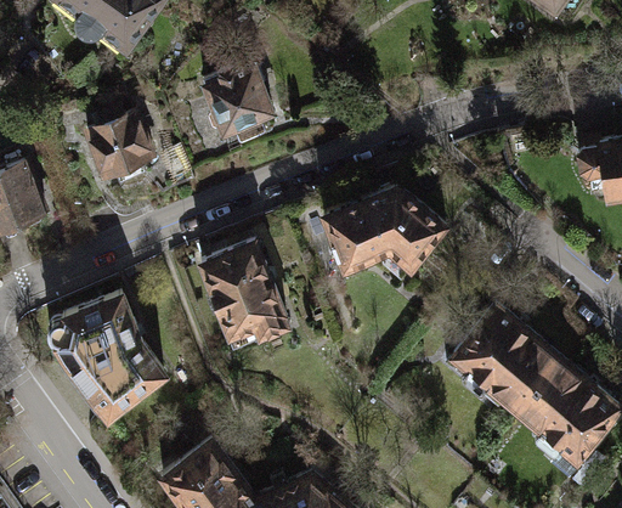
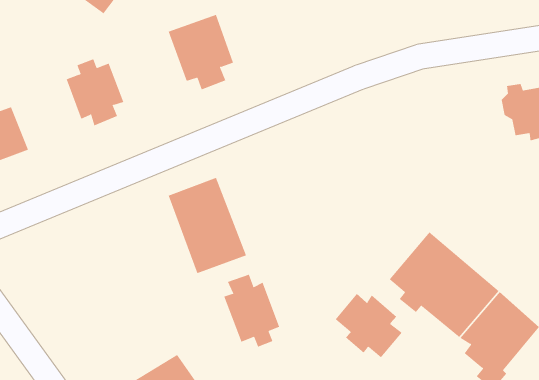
building: [323,186,447,280] -> none
building: [43,289,166,422] -> none
building: none -> [223,274,280,348]
building: none -> [335,293,403,358]

